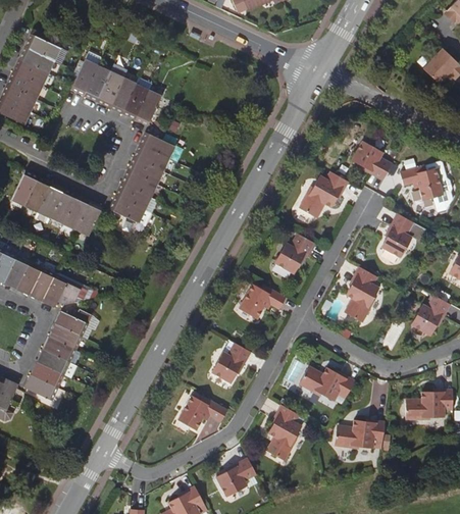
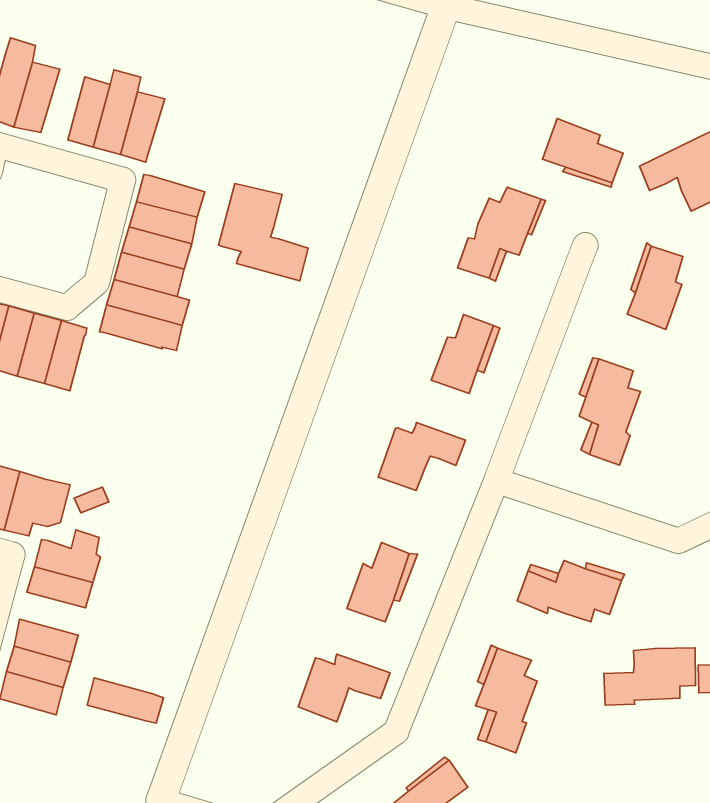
building: [96,71,123,108] -> none
building: none -> [218,184,308,281]
building: [42,336,82,364] -> [87,678,164,723]

